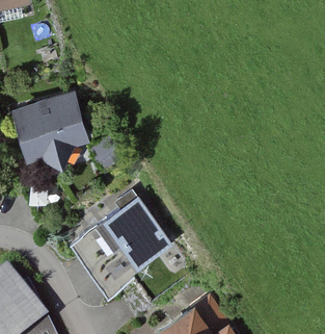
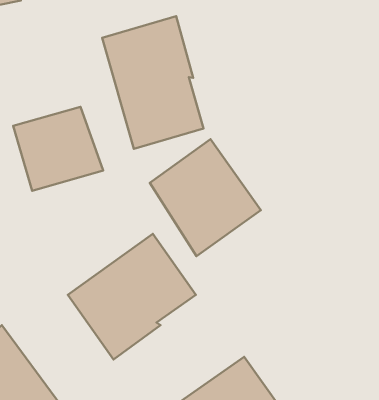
building: none -> [102,16,204,149]
building: none -> [150,139,261,256]

